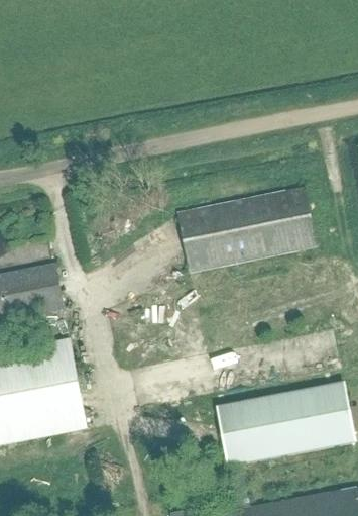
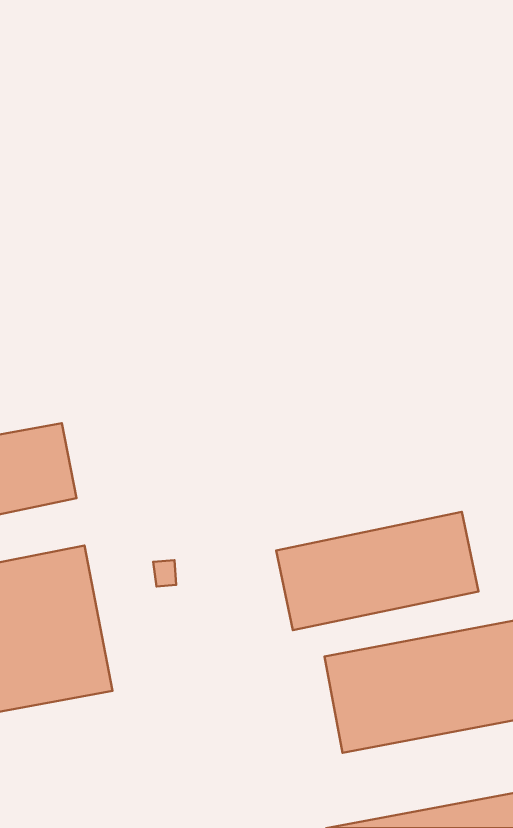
building: [176,186,315,272] -> none
building: none -> [276,512,479,630]

